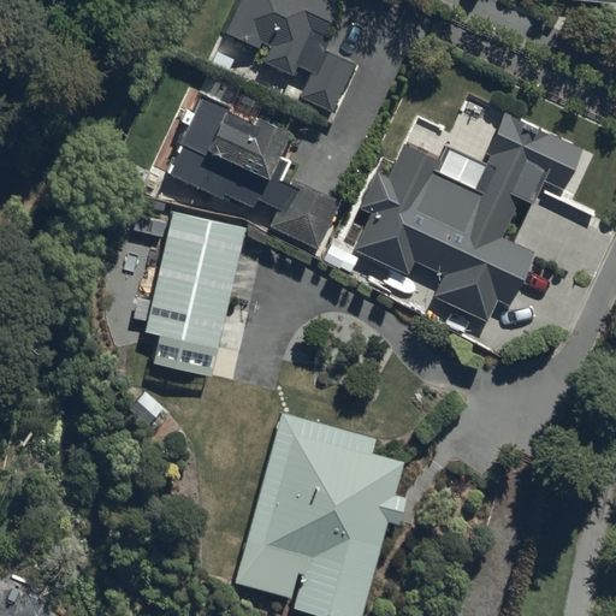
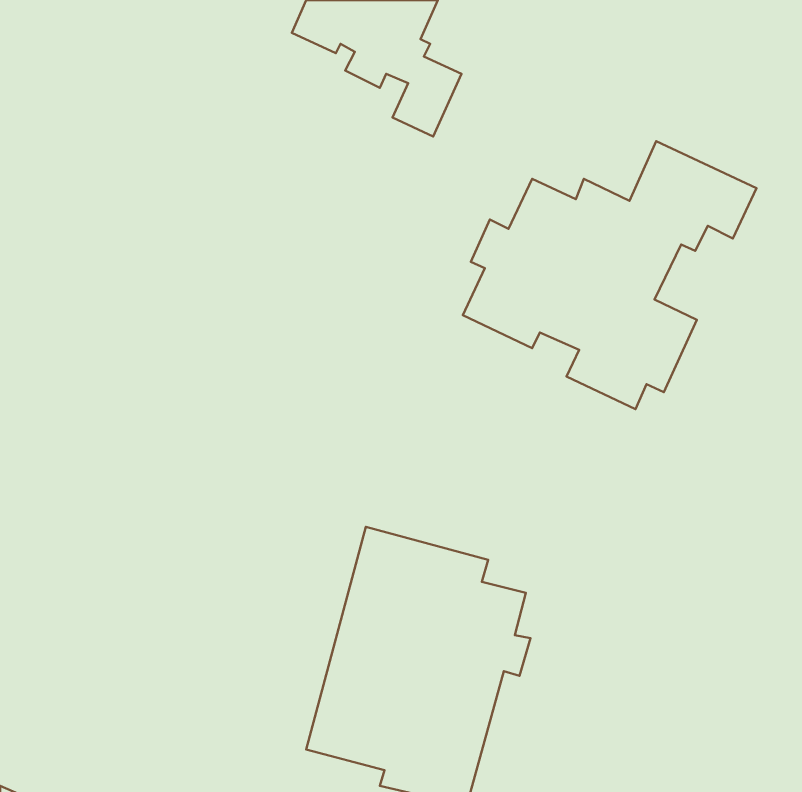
building: [167,96,339,250] -> none
building: [144,209,245,348] -> none

